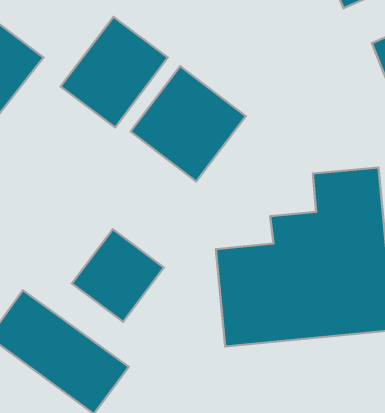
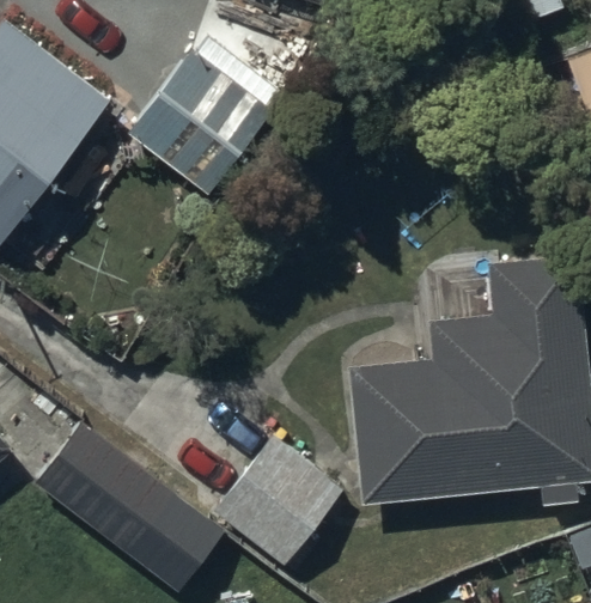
building: [131,66,246,182] -> none
building: [72,229,164,322] -> [213,437,342,567]

